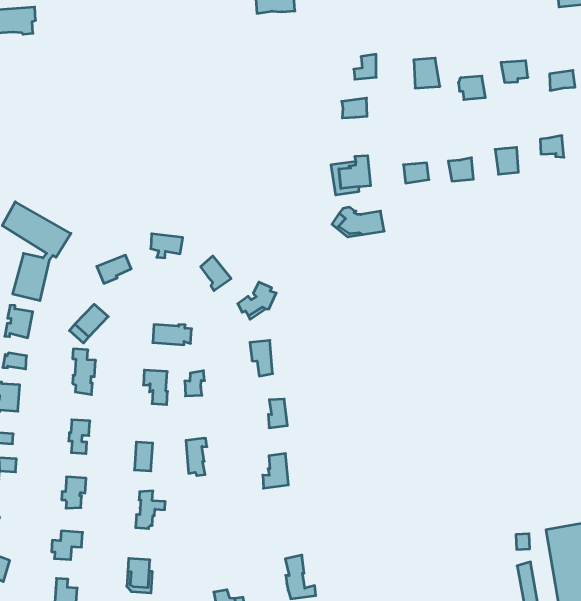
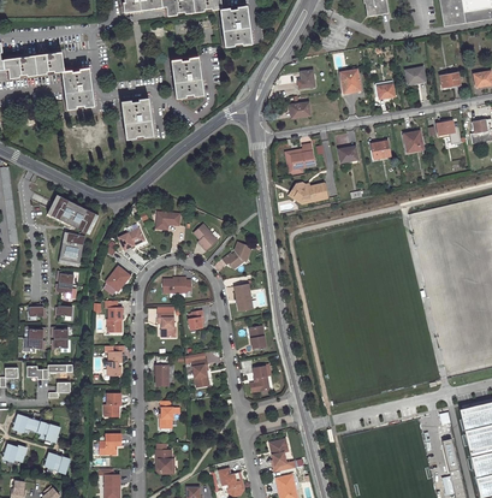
building: none -> [171,58,203,97]
building: none -> [61,69,95,108]
building: none -> [121,99,153,138]

